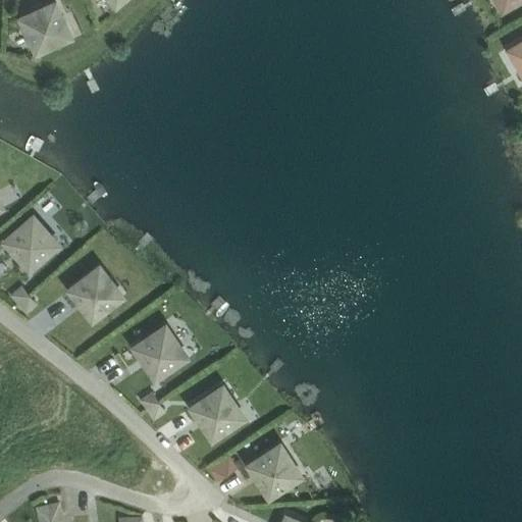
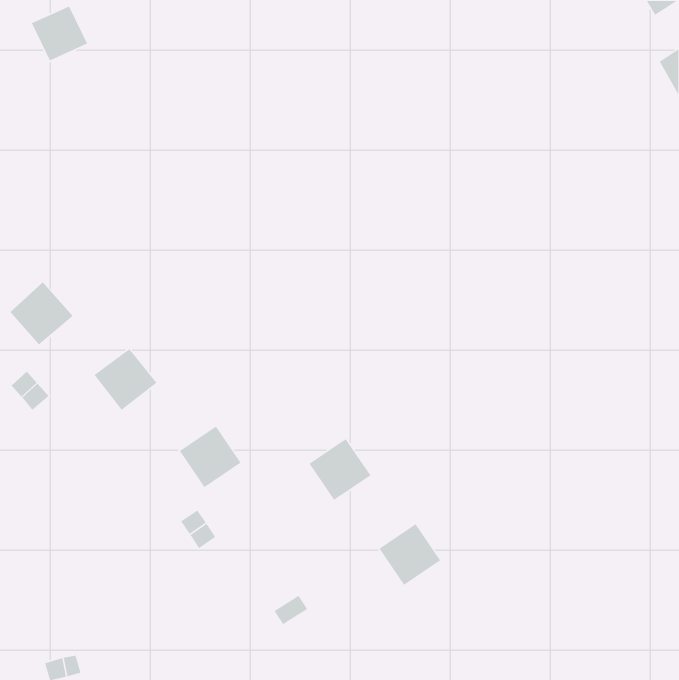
building: [194,386,242,434] -> [309,438,371,501]
building: [251,445,299,492] -> [378,523,441,586]

